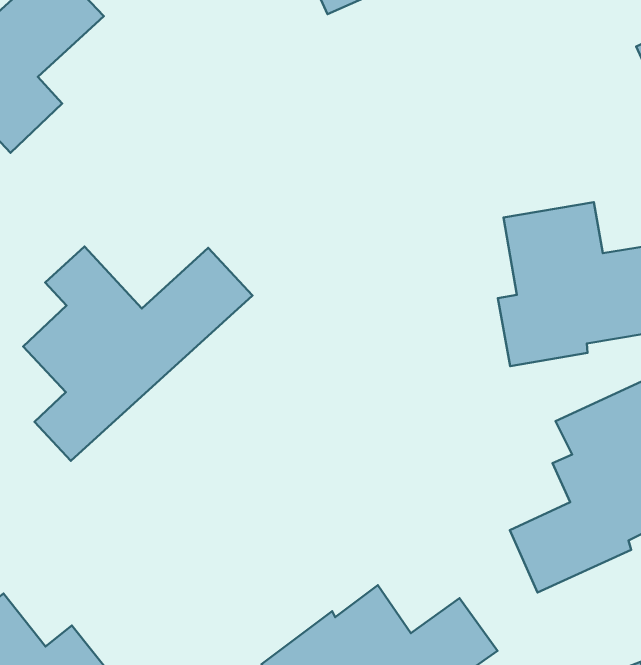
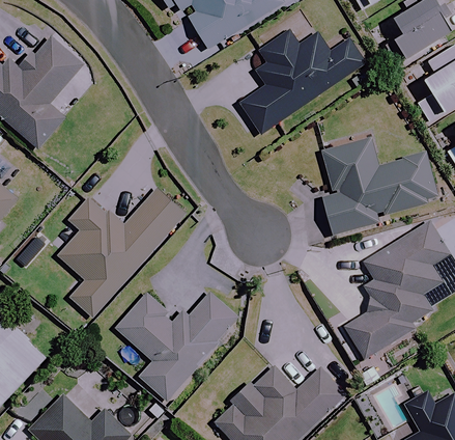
building: none -> [240,33,366,134]
building: none -> [116,292,239,401]

